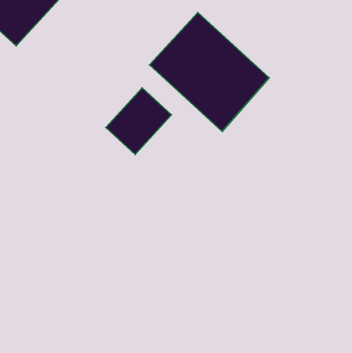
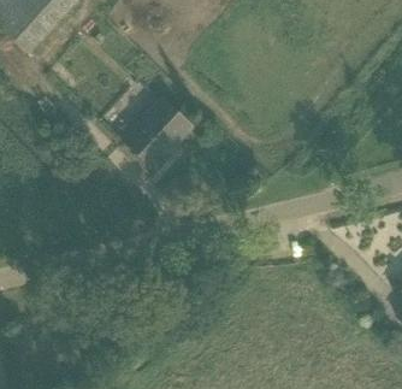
building: [149,13,269,131] -> none

